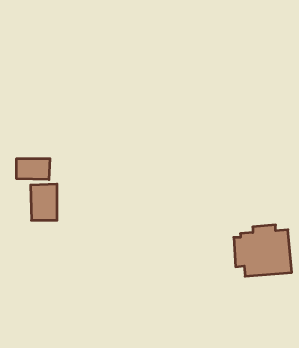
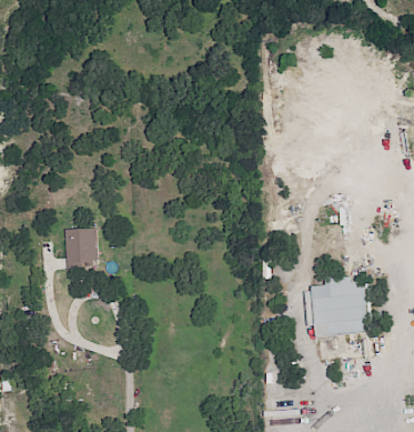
building: [17,159,50,180] -> none

